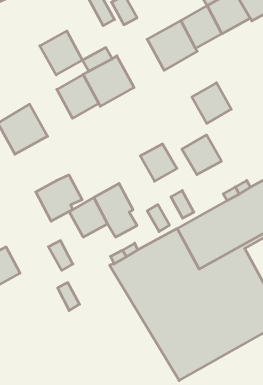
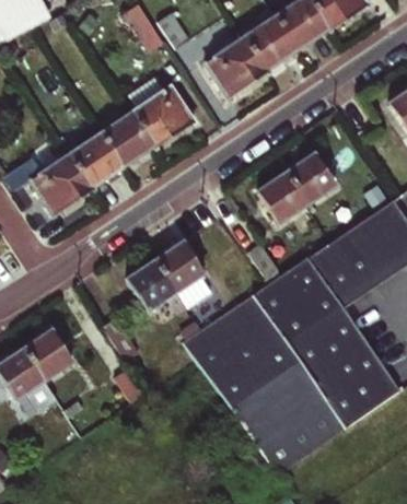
building: [40,31,83,75] -> [68,132,121,187]
building: [192,83,231,123] -> [287,153,336,203]
building: [140,144,177,181] -> none
building: [36,175,82,221] -> none

